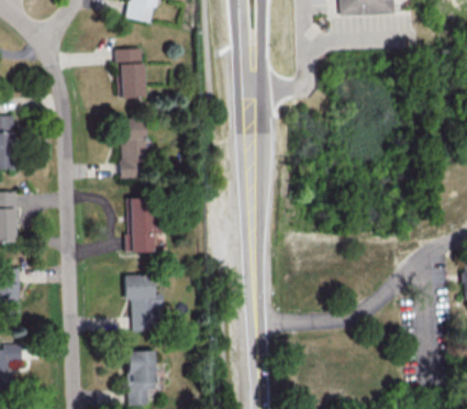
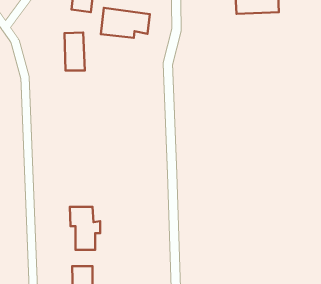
building: none -> [101,8,150,38]
building: [120,119,146,177] -> none
building: [125,198,154,252] -> none

